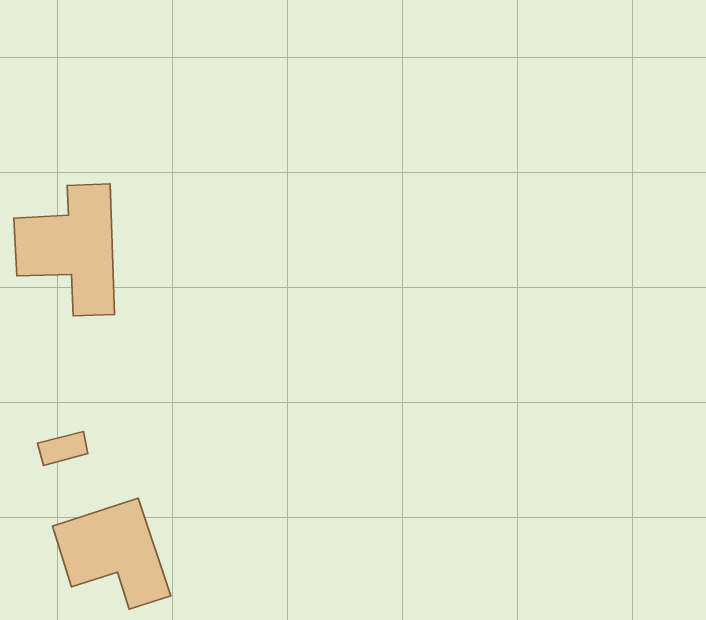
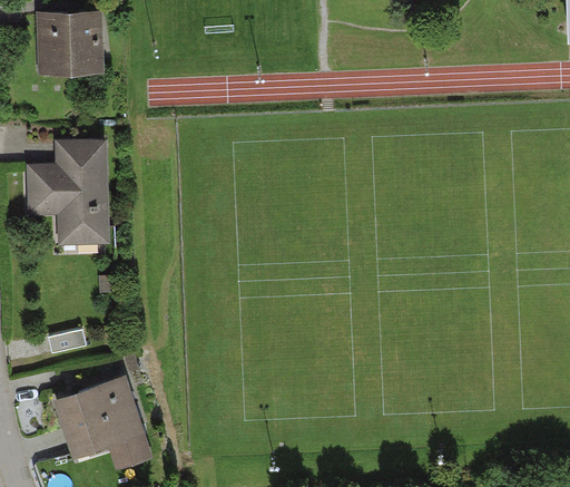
building: none -> [41,13,99,72]

